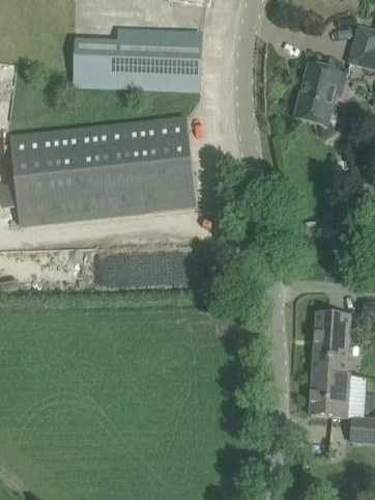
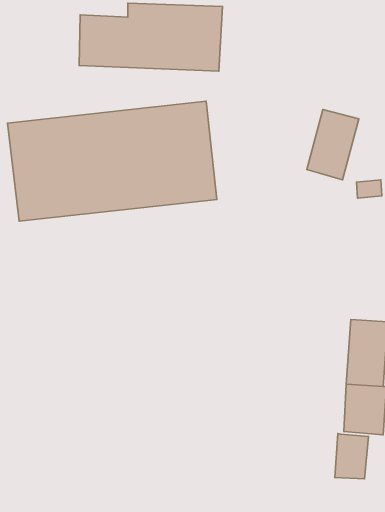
building: [294,63,341,127] -> [307,110,359,180]
building: none -> [335,434,368,479]

